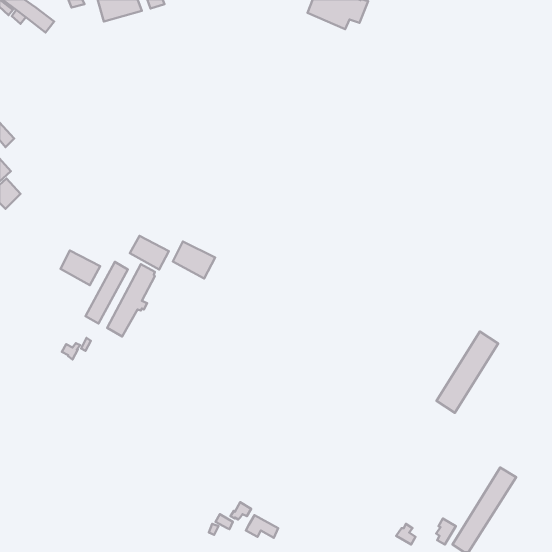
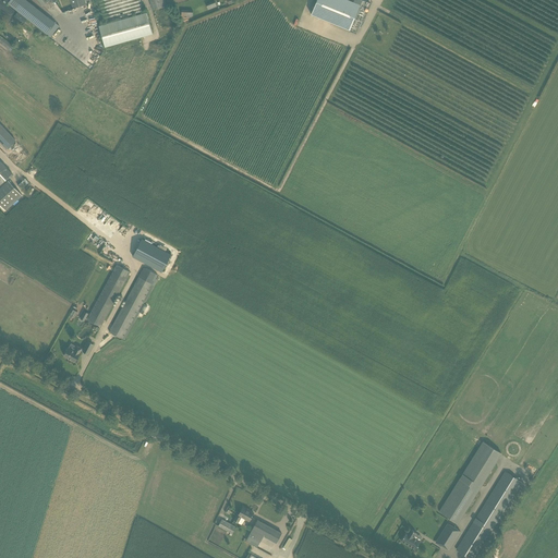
building: none -> [97,11,150,46]
building: [173,241,215,279] -> none
building: [61,250,100,285] -> none
building: [436,332,498,413] -> [438,440,500,522]

